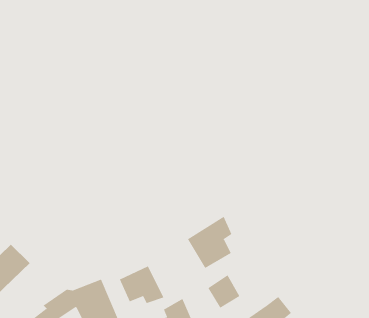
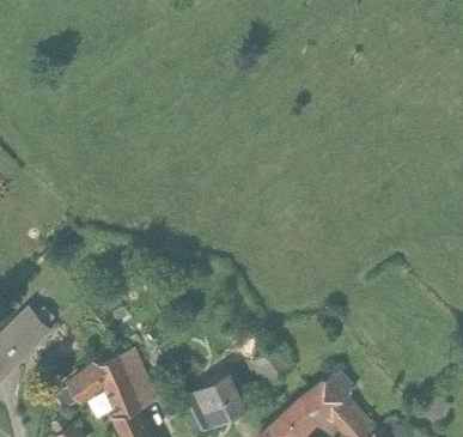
building: [187,216,232,269] -> none
building: [119,266,164,304] -> none

